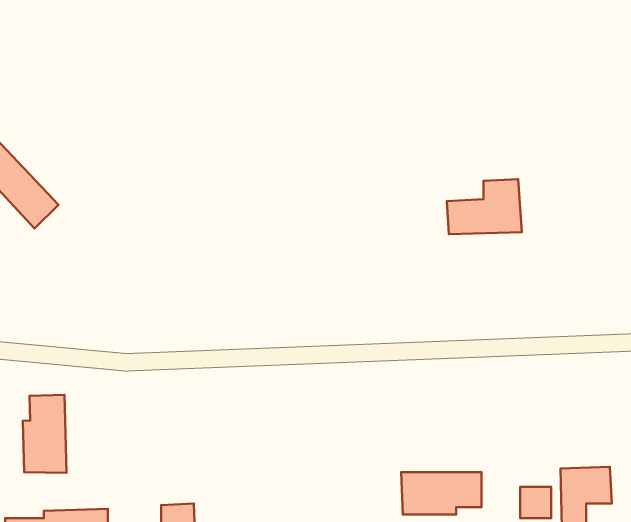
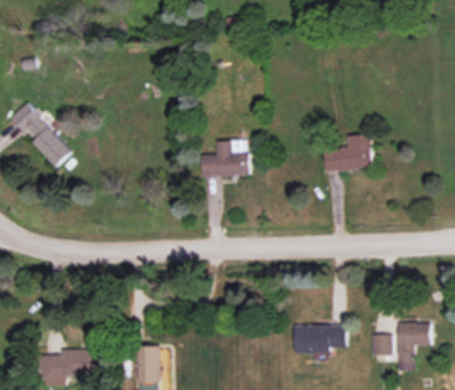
building: none -> [201,141,248,177]
building: [23,395,67,473] -> none

